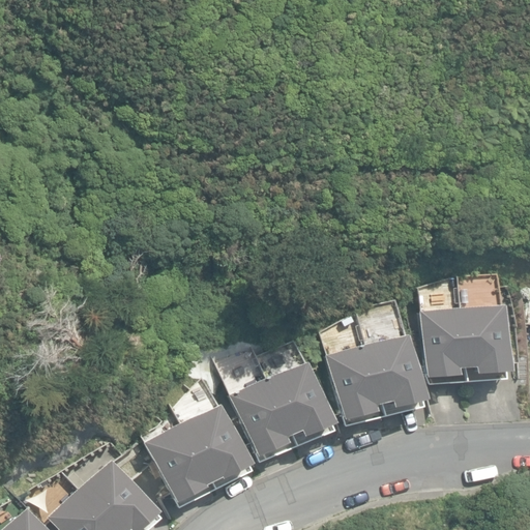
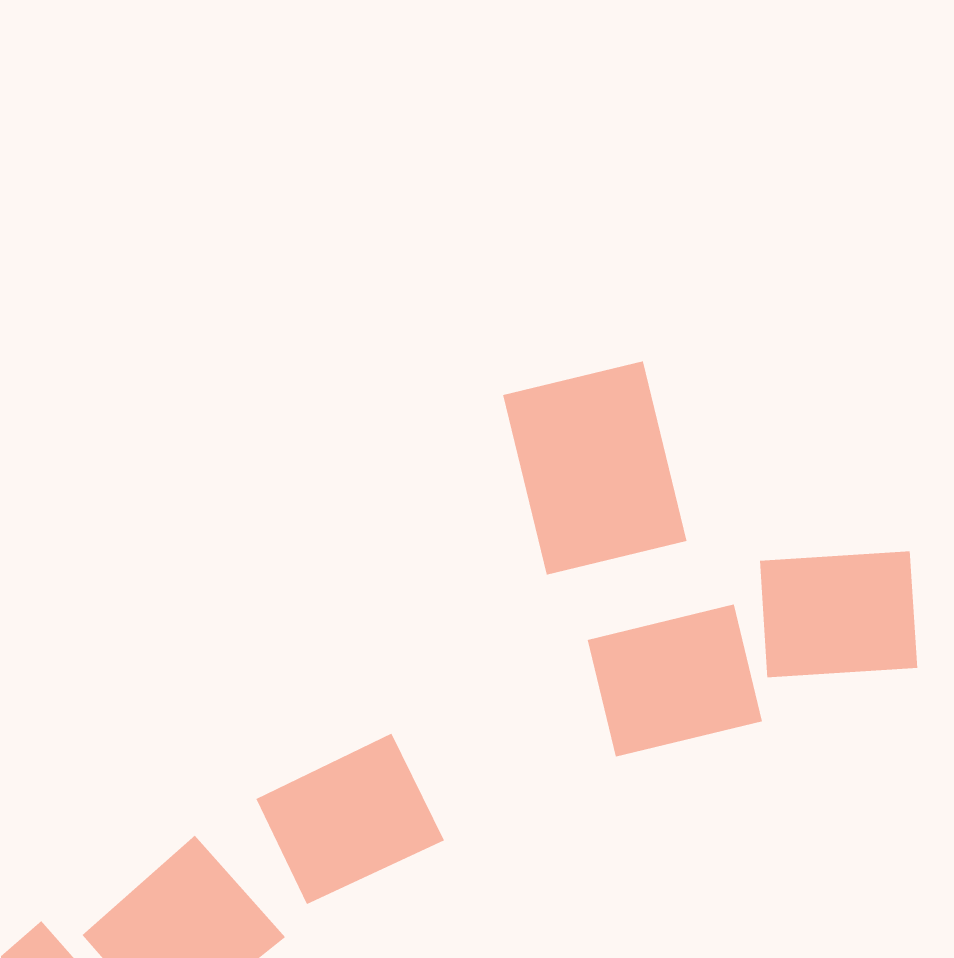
building: none -> [503,361,687,575]
building: [232,364,332,454] -> none

